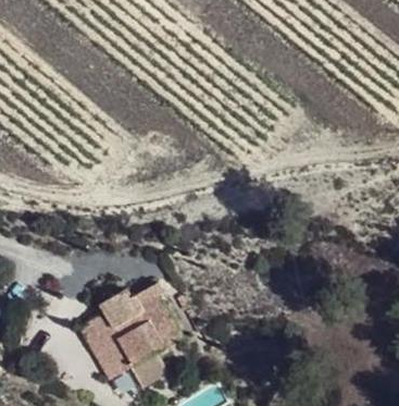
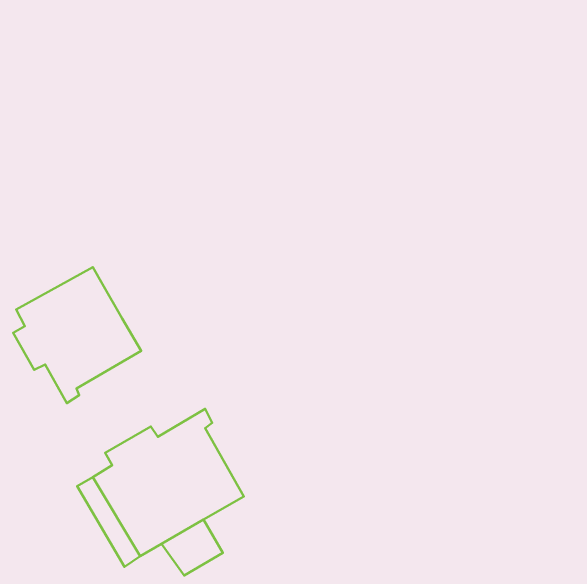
building: none -> [13,267,141,403]

